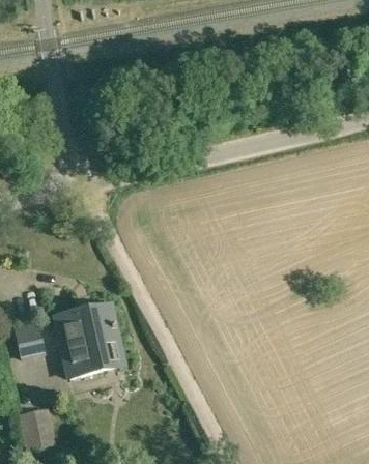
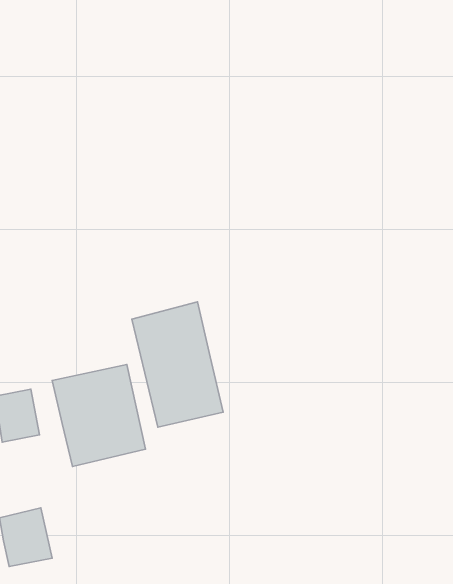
building: none -> [132,302,223,427]

